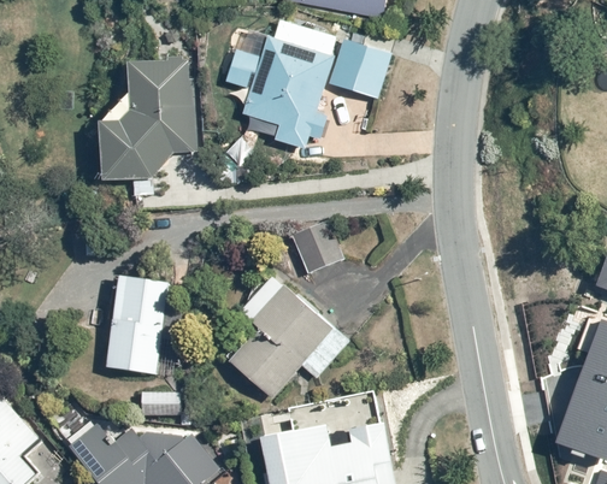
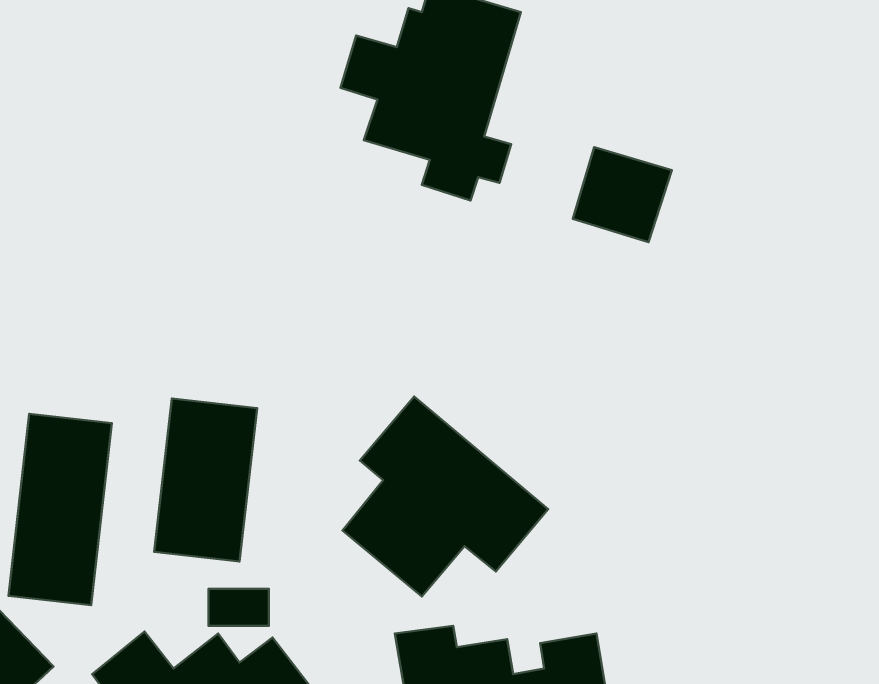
building: [331,39,393,98] -> [573,147,672,242]
building: [98,58,194,181] -> none
building: [293,218,350,276] -> none
building: none -> [8,414,112,605]

